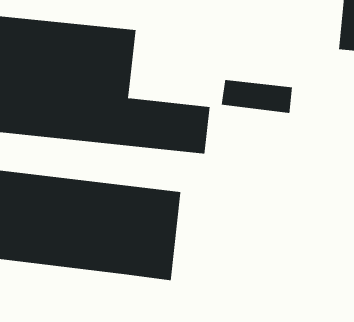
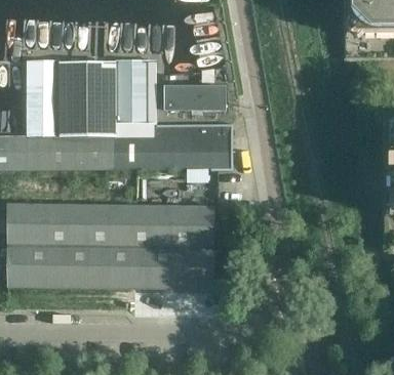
building: [221,80,293,114] -> [164,86,229,111]

